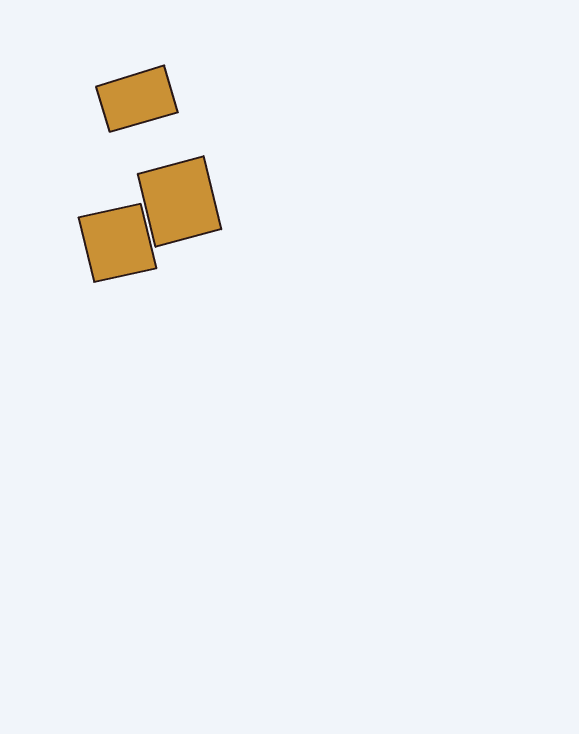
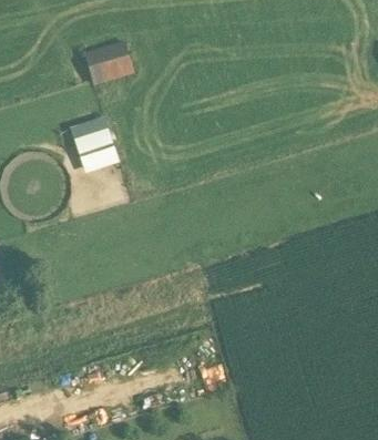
building: [138,156,221,247] -> none

